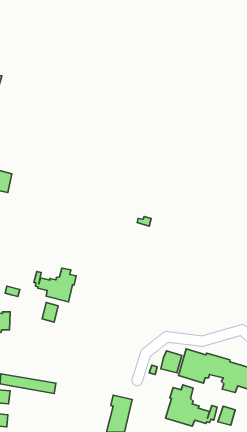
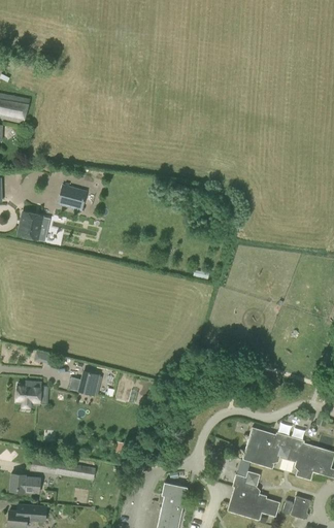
building: none -> [58,185,88,210]
building: [34,268,76,302] -> none
building: [161,351,182,373] -> none

